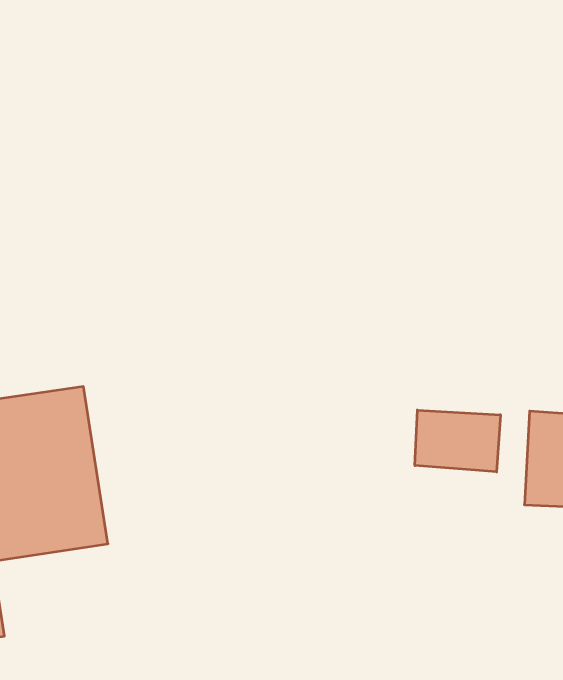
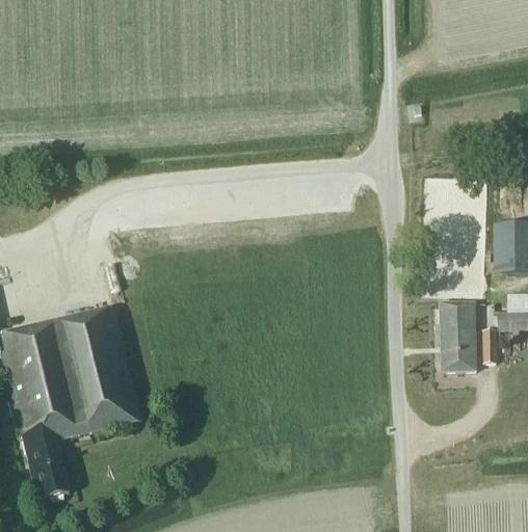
building: [415,410,500,472] -> none

